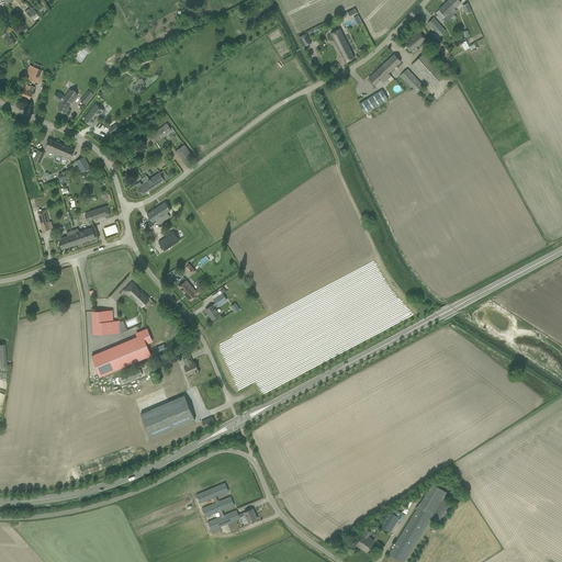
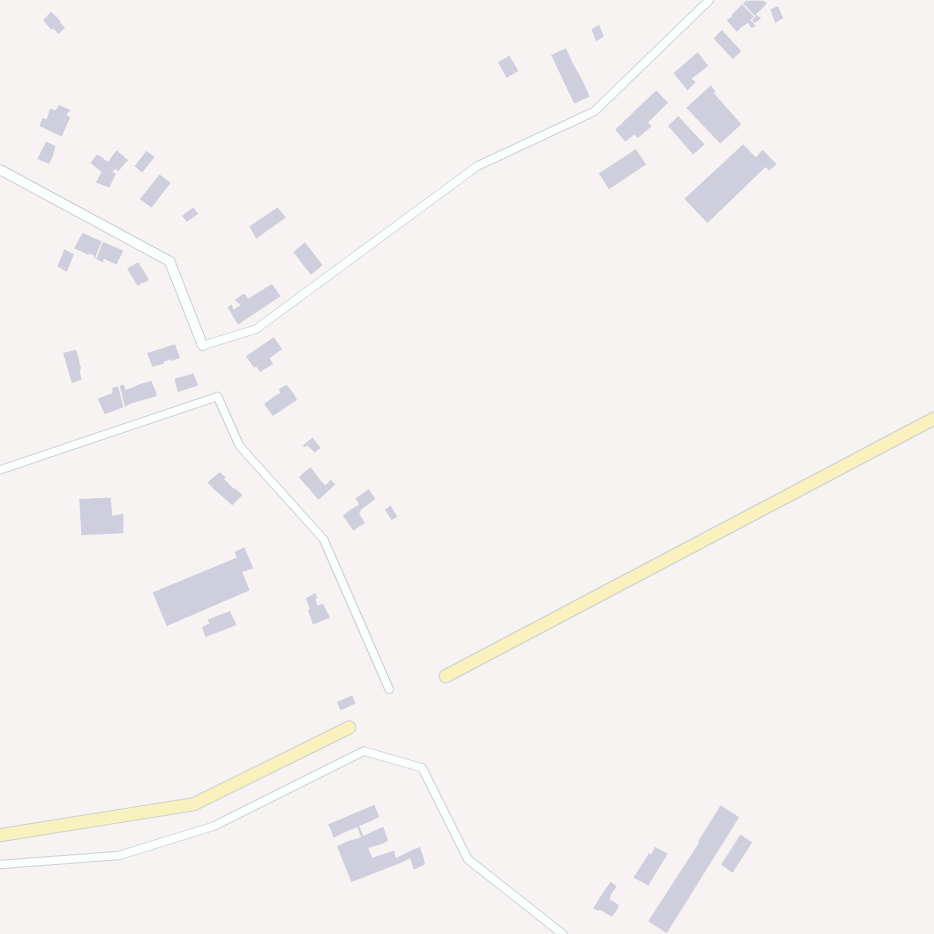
building: none -> [684,143,778,224]
building: [92,311,120,334] -> [79,497,124,535]
building: [138,395,193,438] -> none

